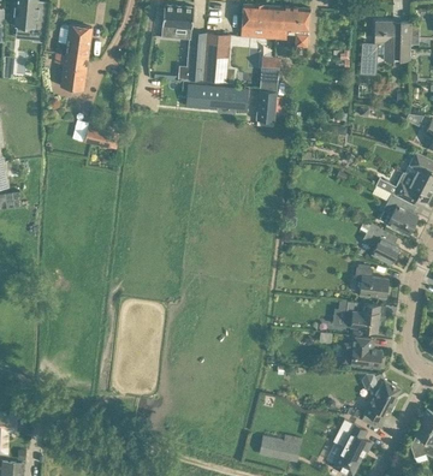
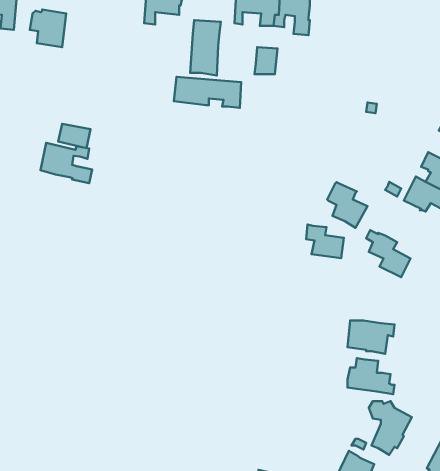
building: [362,22,411,61] -> none
building: [178,44,204,81] -> none
building: [60,54,88,90] -> none
building: [256,82,278,121] -> none
building: none -> [40,143,92,183]
building: [382,194,419,234] -> [327,182,368,228]
building: [355,267,388,297] -> [306,224,344,258]

